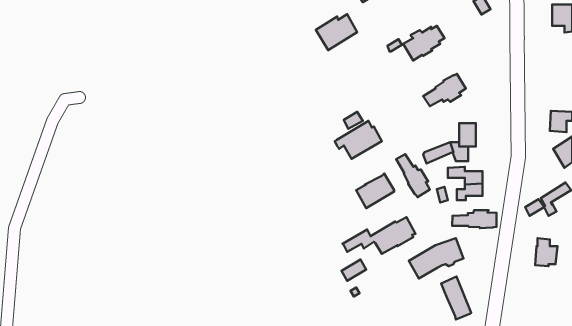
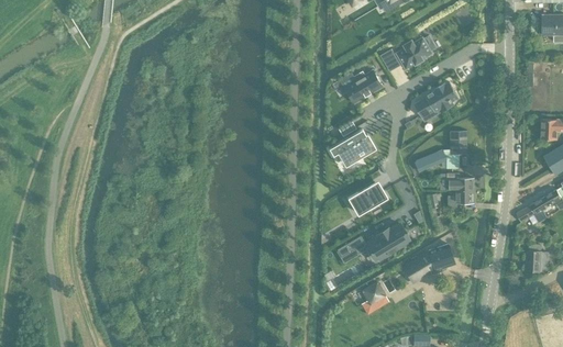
building: [316,14,357,50] -> [342,68,383,103]
building: [396,154,430,197] -> none
building: [452,210,496,228] -> none
building: [441,277,471,320] -> none
building: none -> [361,282,388,314]

